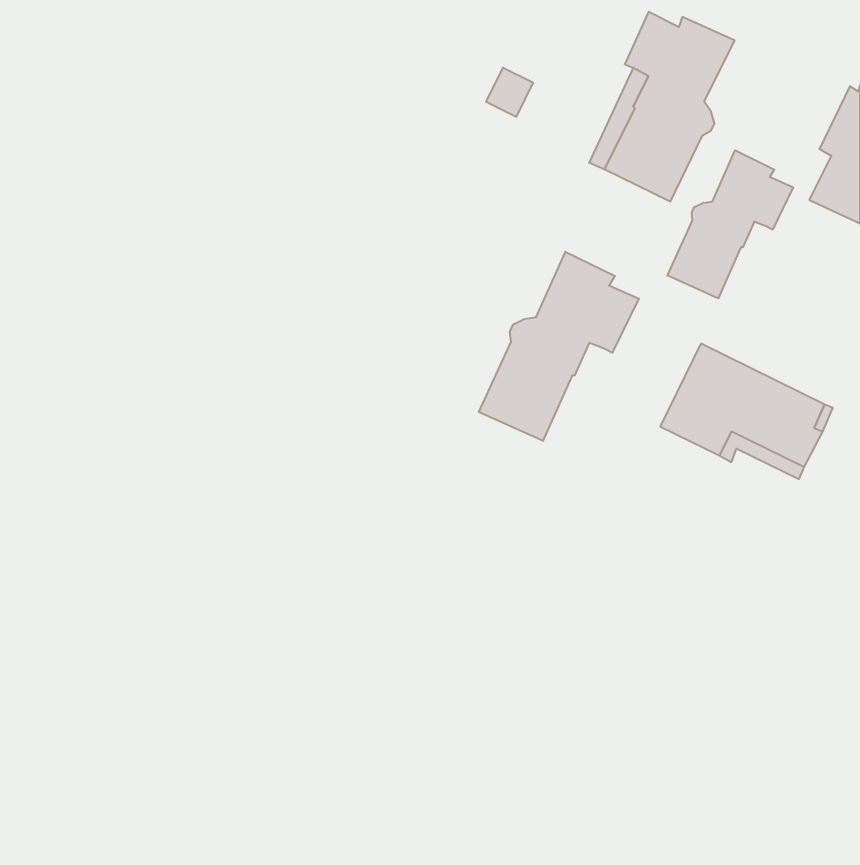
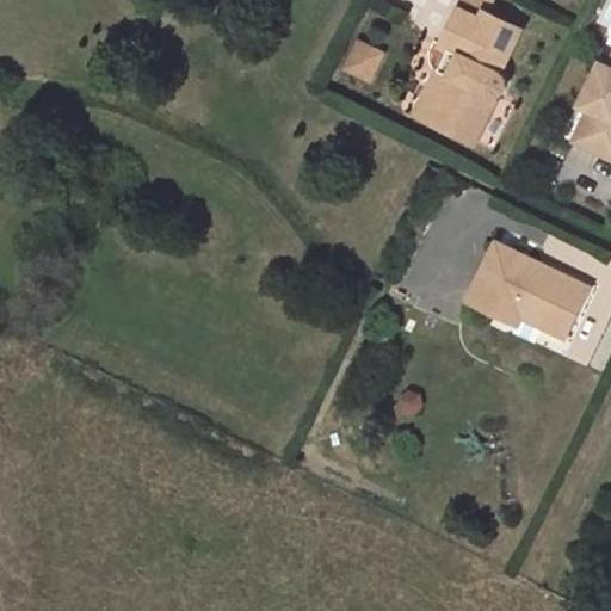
building: [667,150,793,298] -> none
building: [479,252,639,441] -> none

